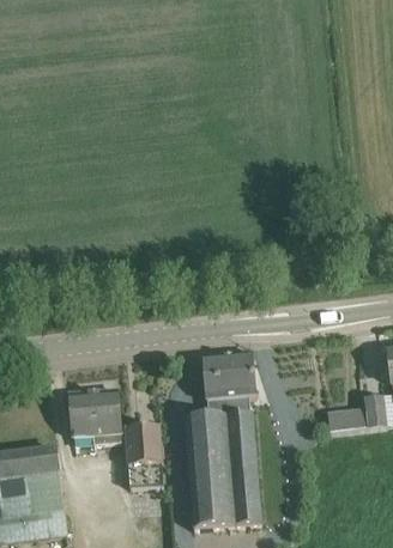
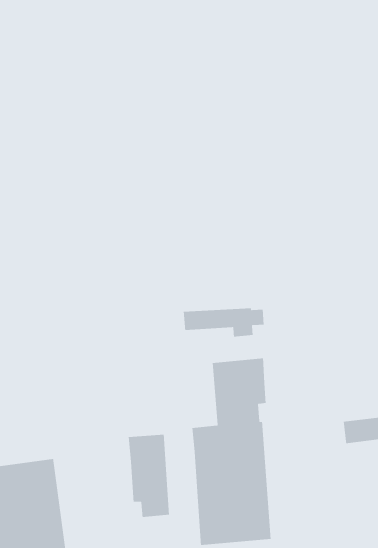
building: none -> [183,308,264,337]
building: [69,386,121,442] -> none

